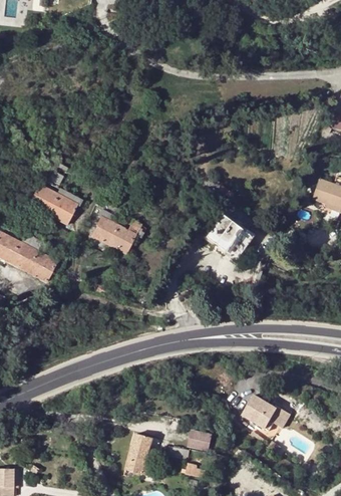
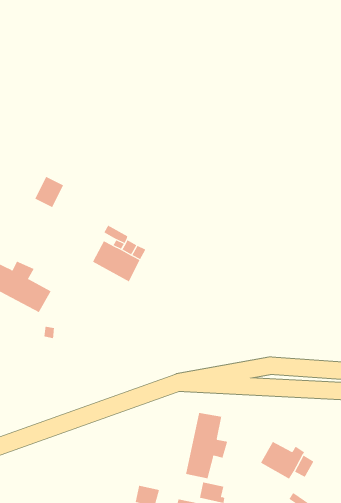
building: [30,184,78,223] -> none
building: [208,215,253,257] -> none
building: none -> [186,412,228,479]

